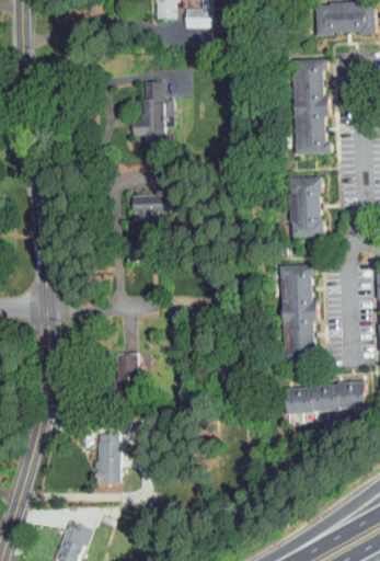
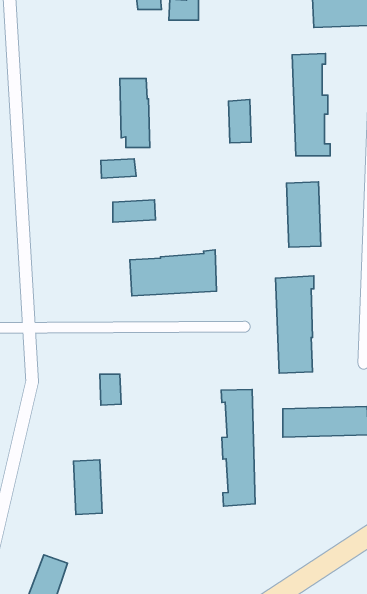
building: none -> [229,99,251,143]
building: none -> [101,159,136,178]
building: none -> [130,250,217,296]
building: none -> [221,389,255,506]

